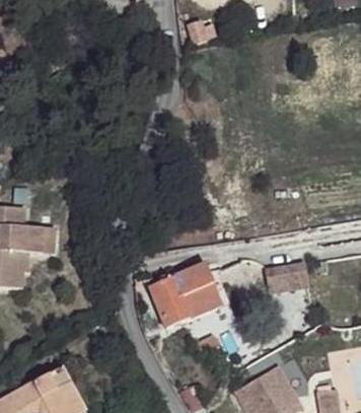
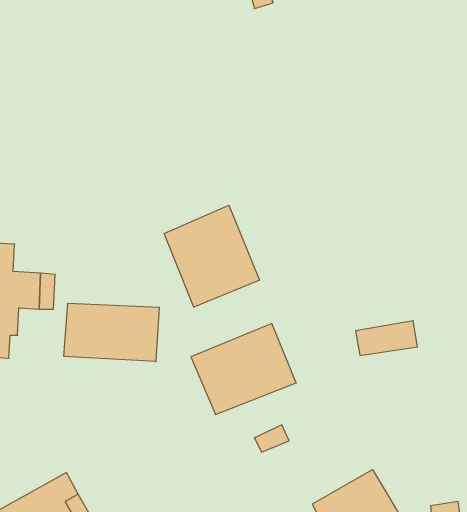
building: none -> [164,205,259,307]
building: none -> [64,303,159,362]

